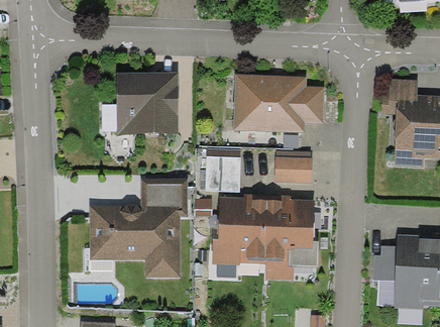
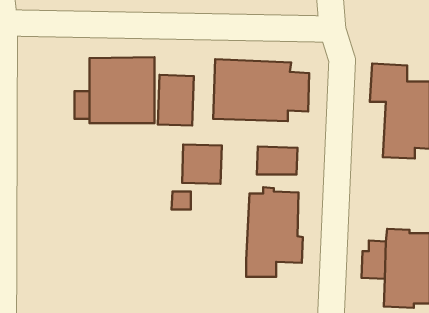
building: none -> [158,75,194,126]
building: [89,181,187,278] -> none
building: [211,194,267,265] -> none

